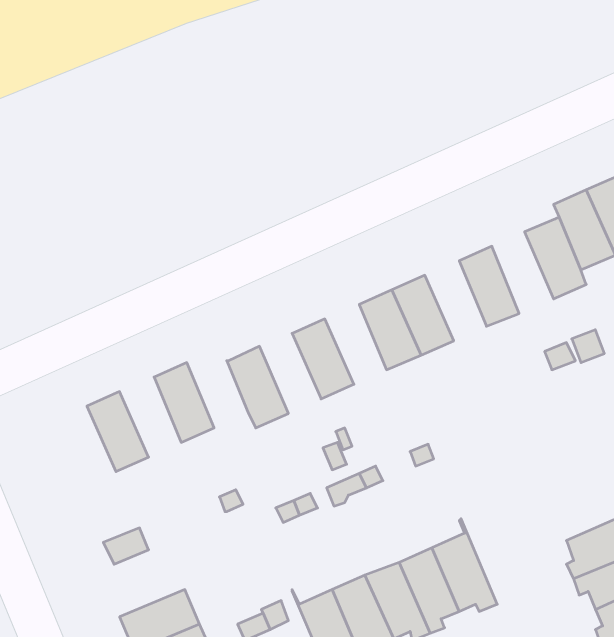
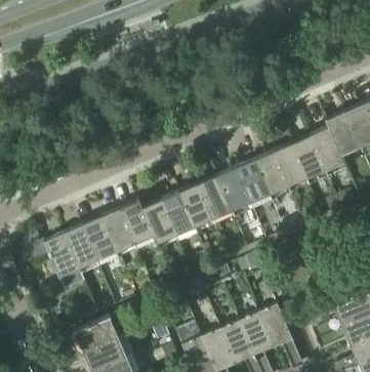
building: none -> [292,134,327,180]
building: none -> [254,151,289,196]
building: none -> [198,175,233,220]
building: none -> [161,192,196,237]
building: none -> [120,200,155,245]
building: none -> [82,216,117,261]
building: none -> [44,233,85,290]
building: none -> [74,316,119,352]

